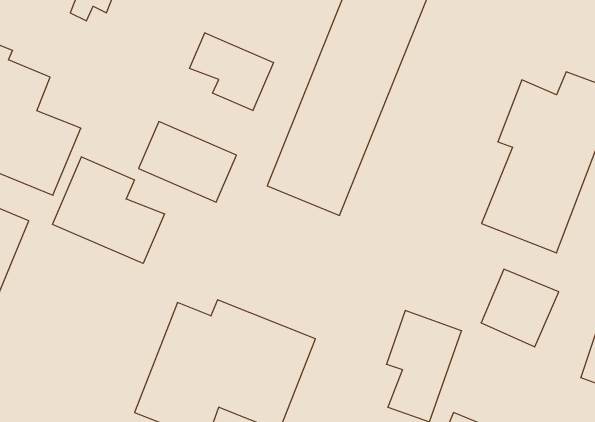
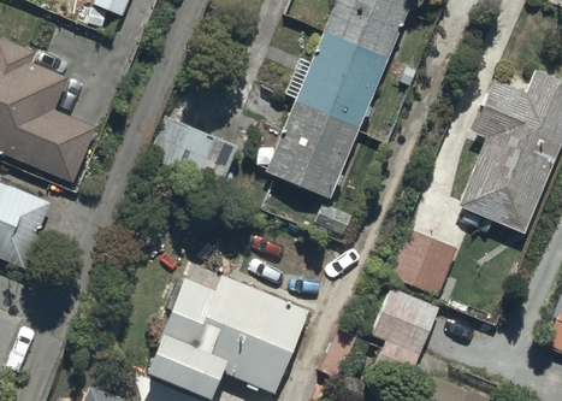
building: [190,33,273,111] -> none
building: [52,157,165,263] -> none
building: [481,269,559,347] -> [386,226,456,296]

